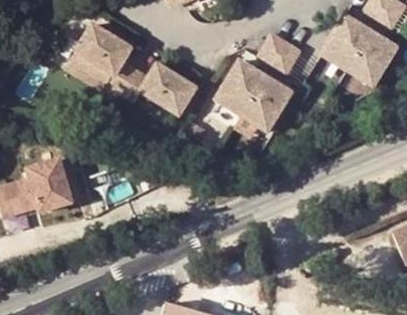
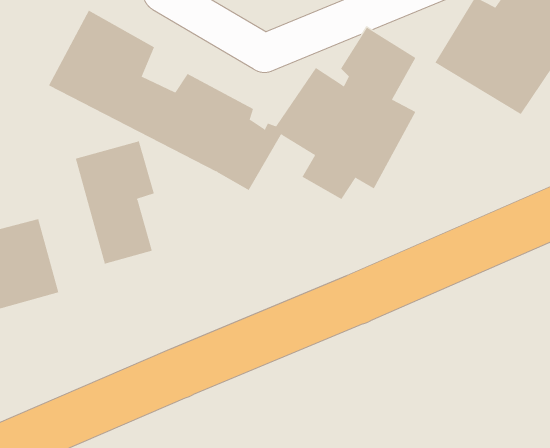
building: none -> [75,140,155,264]

